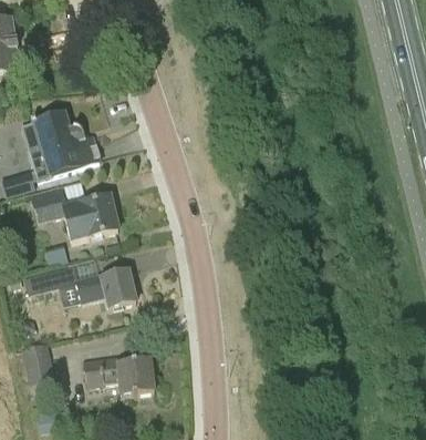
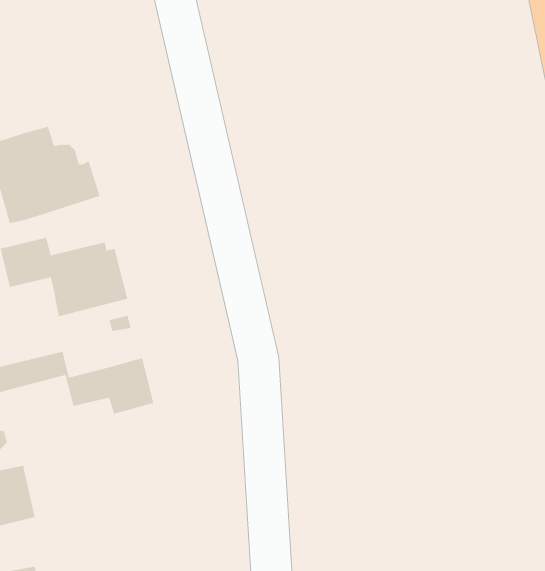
building: [83,355,155,396] -> none

